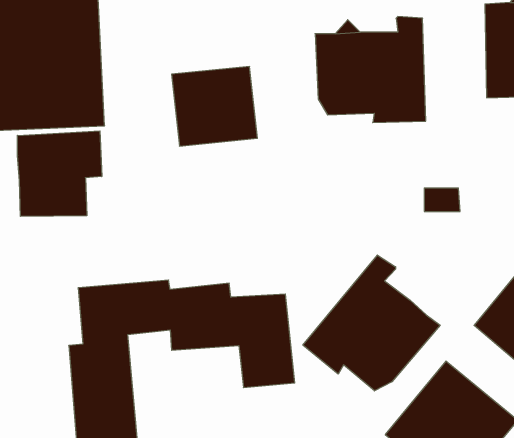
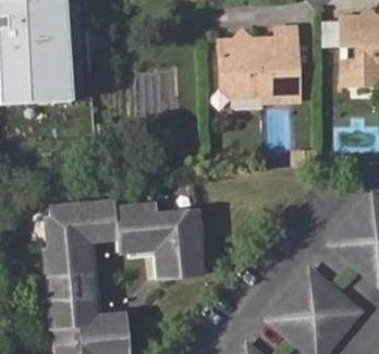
building: [17,131,102,216] -> none
building: [303,255,440,391] -> none

